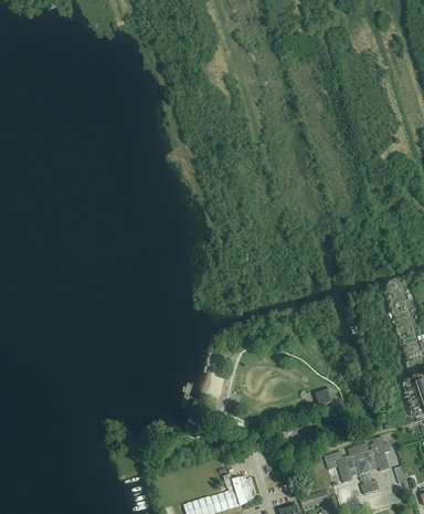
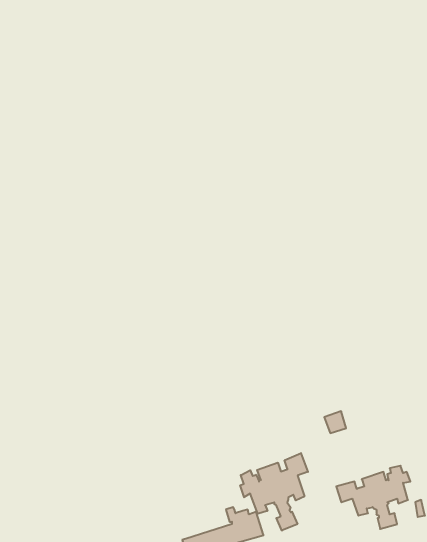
building: none -> [240,453,308,531]

